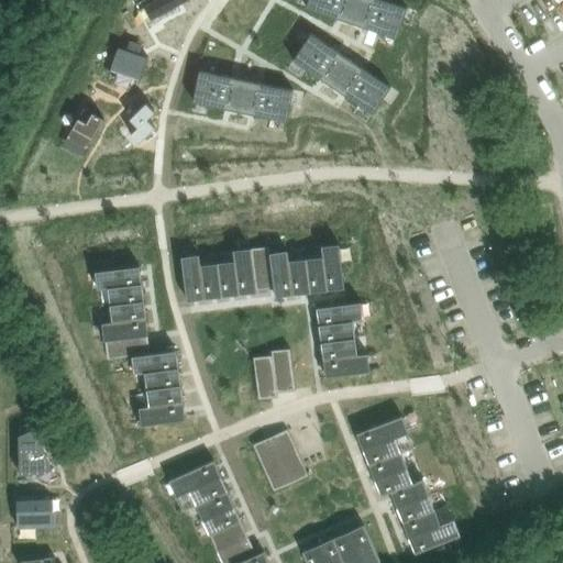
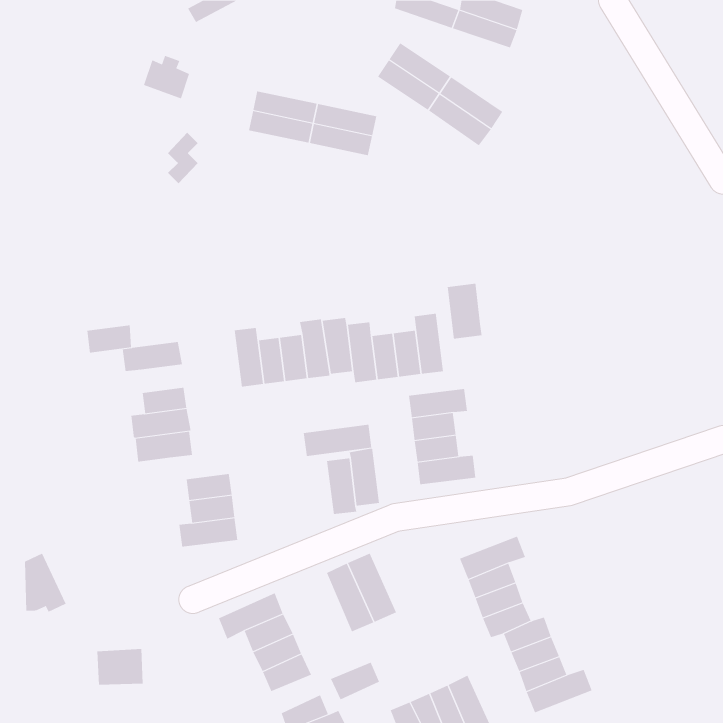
building: [67,108,103,150] -> none
building: none -> [447,283,482,339]
building: [108,284,143,306] -> [86,325,132,353]
building: none -> [303,424,372,457]
building: [132,351,178,374] -> none
building: [16,499,53,528] -> [97,648,143,685]
building: [210,525,249,554] -> [330,662,380,700]

